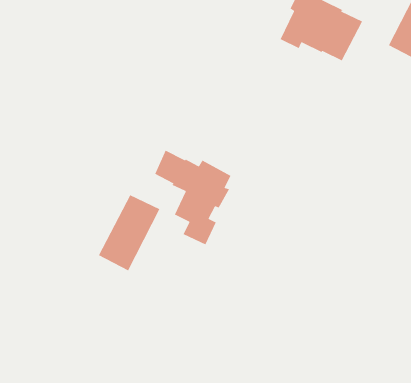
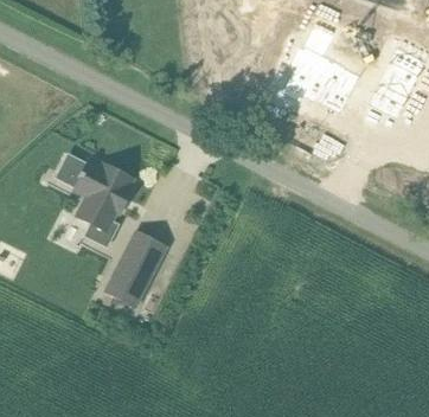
building: [154,150,232,245] -> [57,154,132,246]

